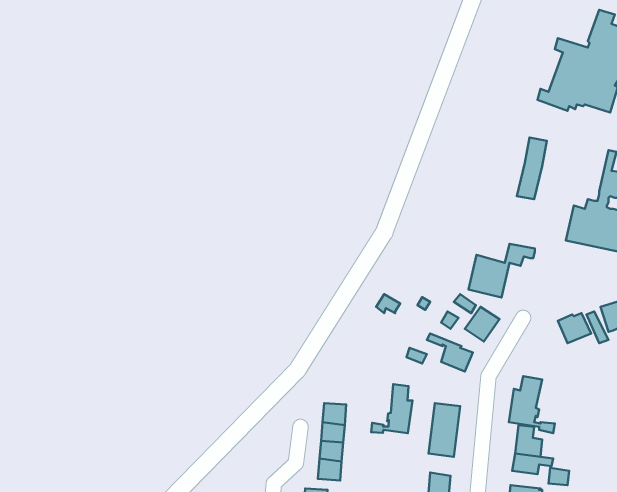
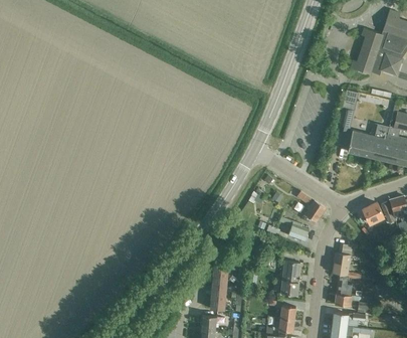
building: [468,244,535,298] -> [348,124,390,158]
building: [371,384,413,433] -> none

